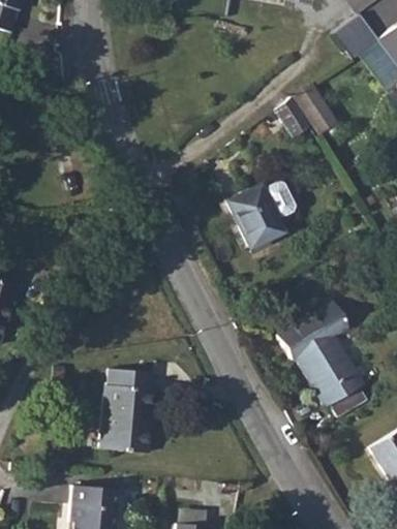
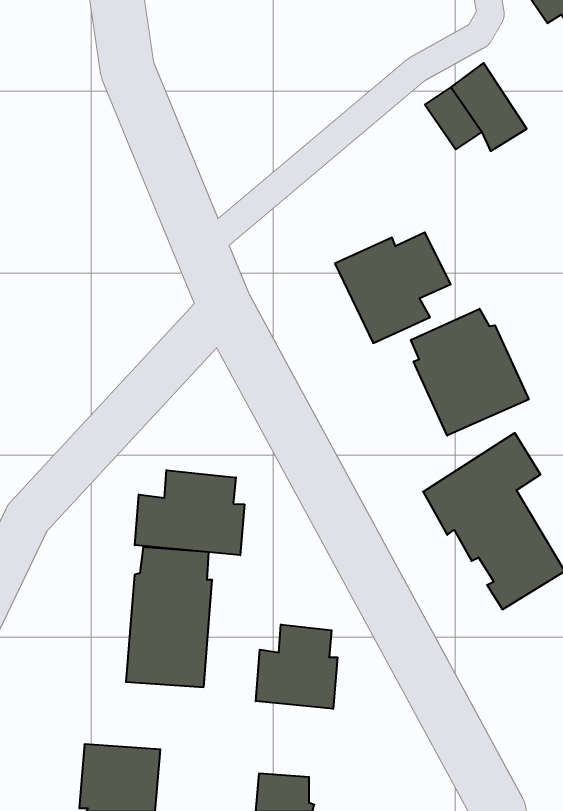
building: none -> [411,309,529,436]
building: none -> [135,470,244,555]
building: none -> [256,624,337,709]

